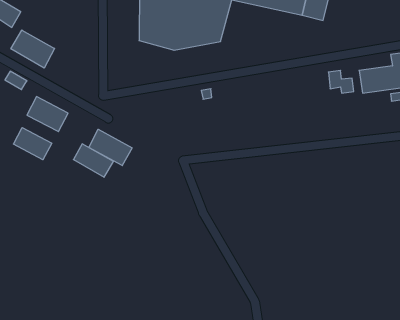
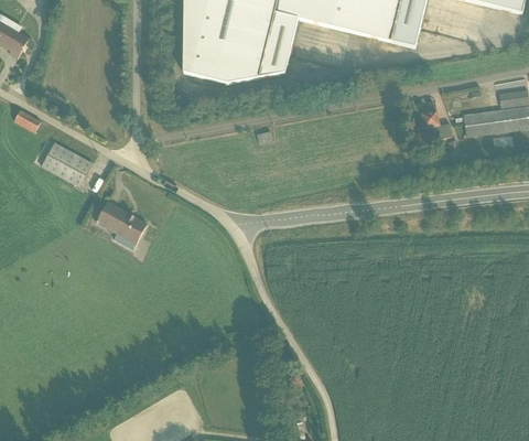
building: [11,30,55,68] -> none
building: [13,128,52,160] -> none
building: [89,129,132,166] -> none

